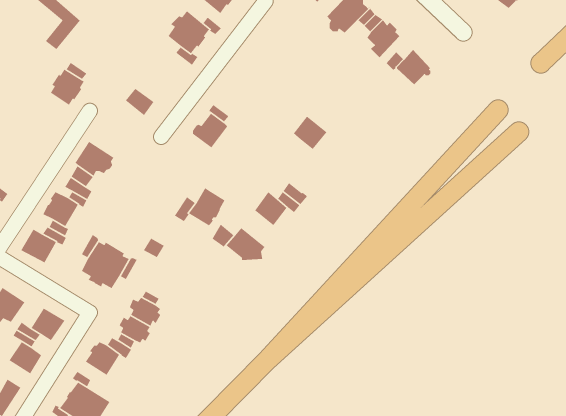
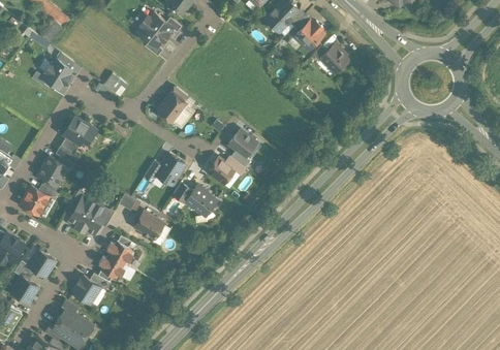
building: [293,116,328,150] -> [228,130,256,158]
building: none -> [133,212,163,240]

